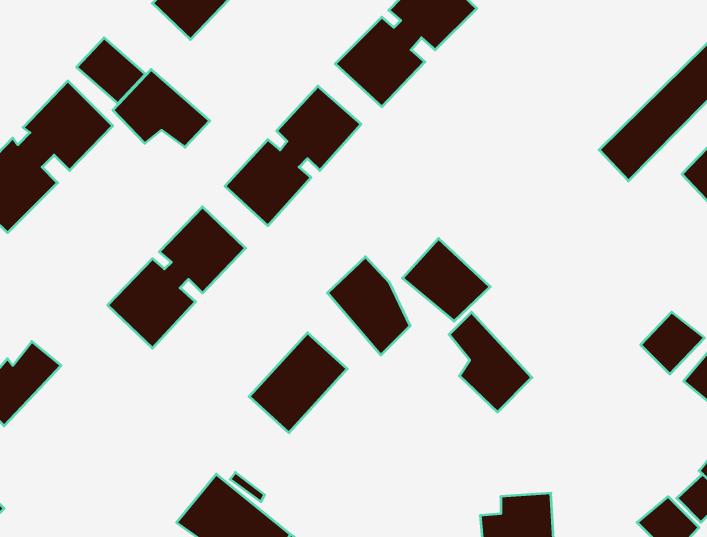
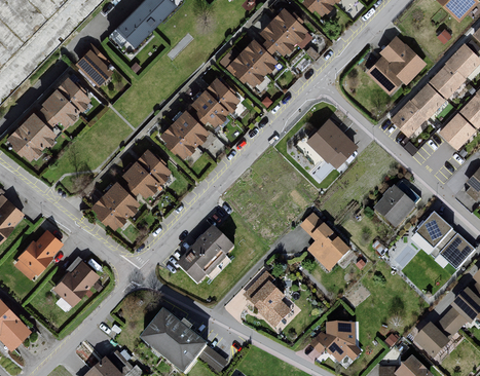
building: none -> [362,34,426,93]
building: [113,69,210,147] -> none
building: [402,238,490,321] -> [301,116,354,165]
building: [327,257,410,355] -> [242,270,291,329]
building: none -> [370,185,413,228]
building: none -> [56,260,103,306]

